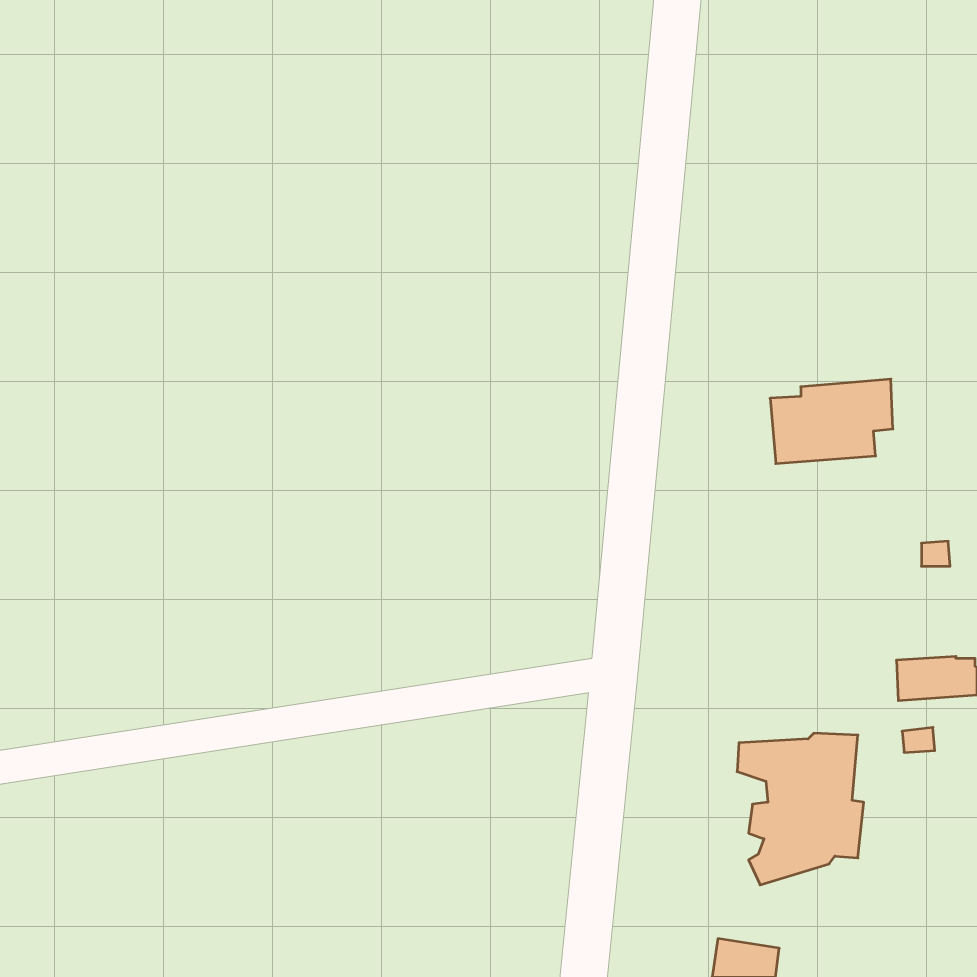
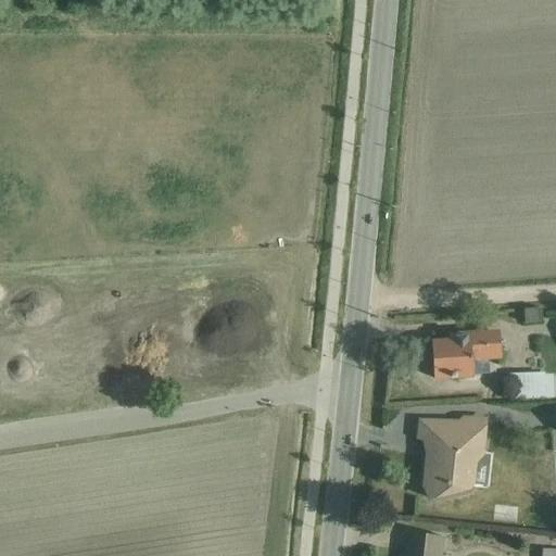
building: [770,379,893,464] -> [429,329,498,377]

